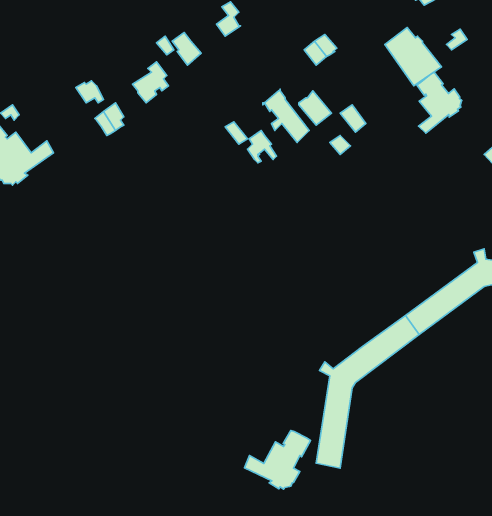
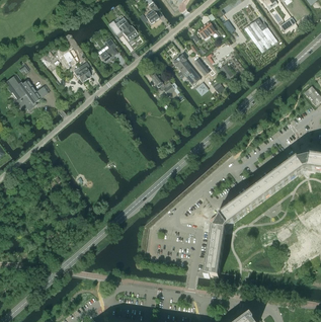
building: [417,72,462,133] -> none
building: [245,431,310,489] -> none

